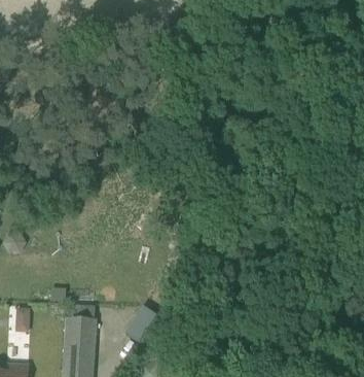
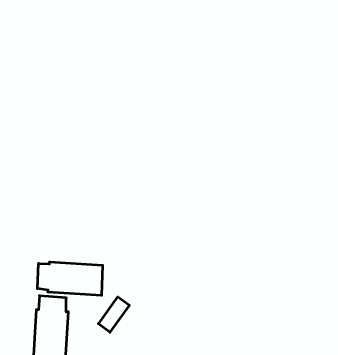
building: none -> [37,262,103,295]

